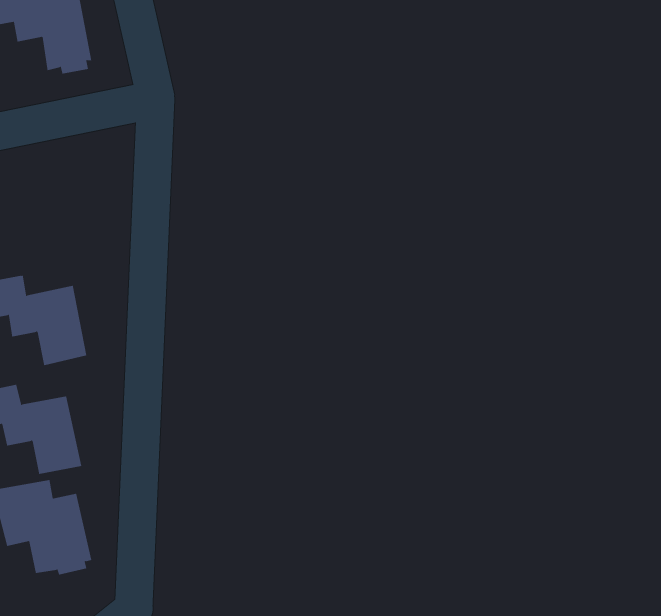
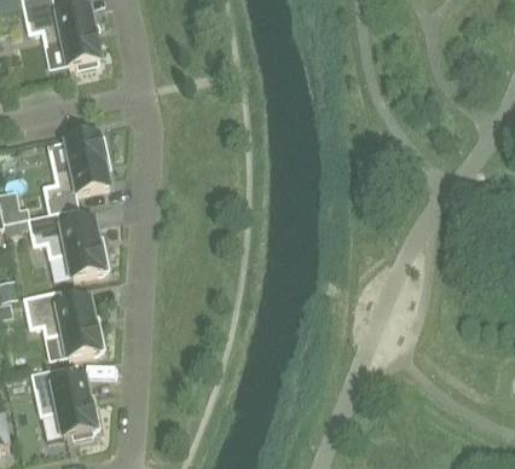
building: none -> [44,131,109,209]

